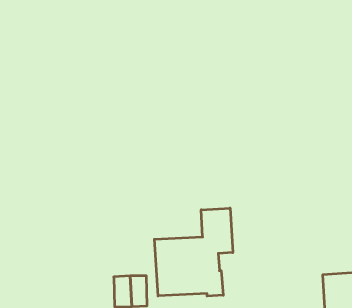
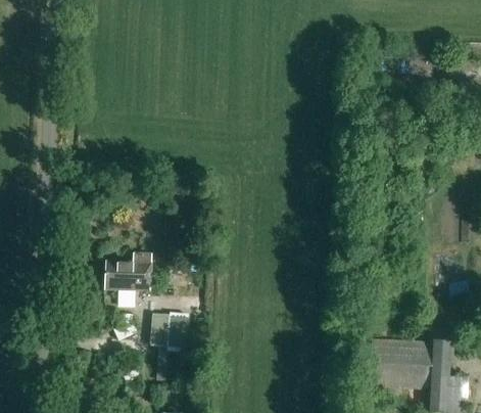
building: [154,208,233,296] -> none
building: none -> [105,254,152,291]

